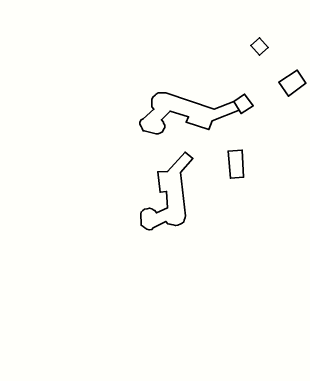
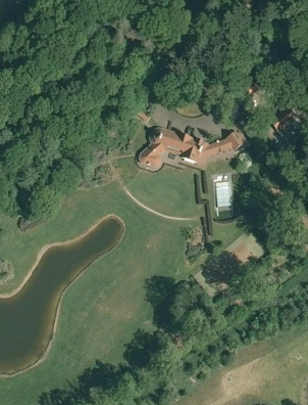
building: [141,152,193,230] -> none

